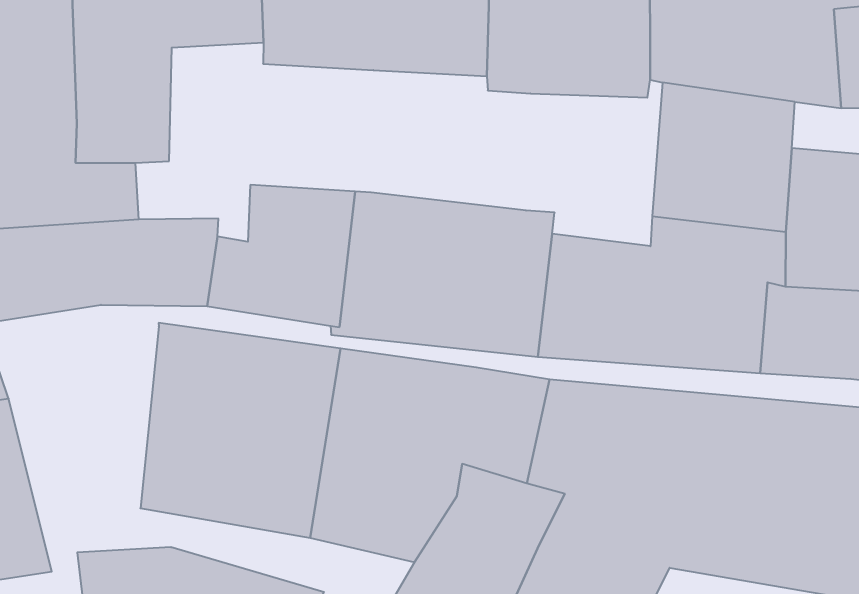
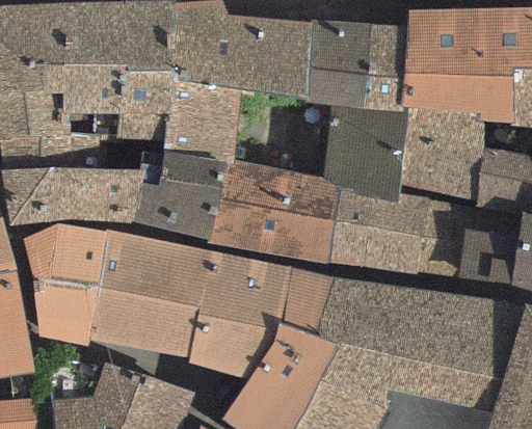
building: none -> [116,70,239,161]
building: none -> [324,104,408,202]
building: none -> [22,223,105,347]

